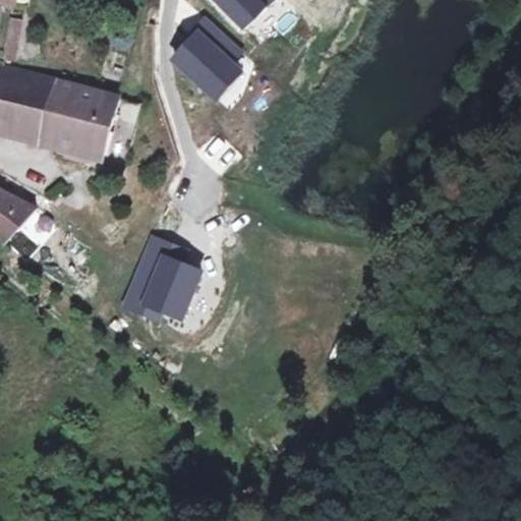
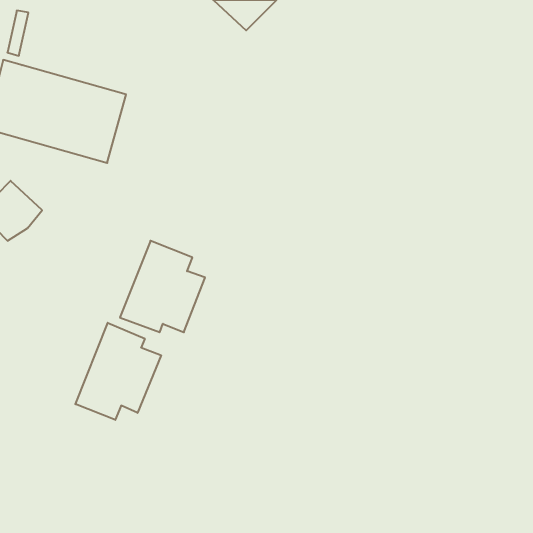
building: [166,20,243,106] -> none
building: none -> [75,323,161,420]

